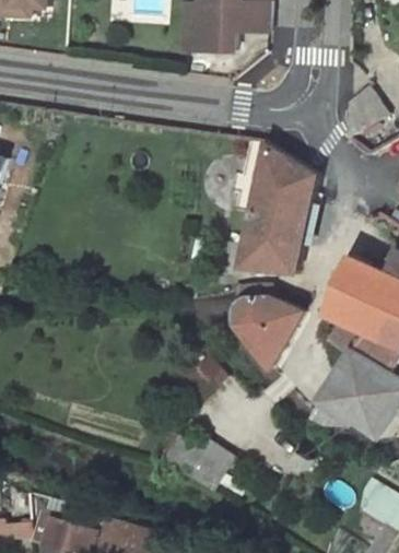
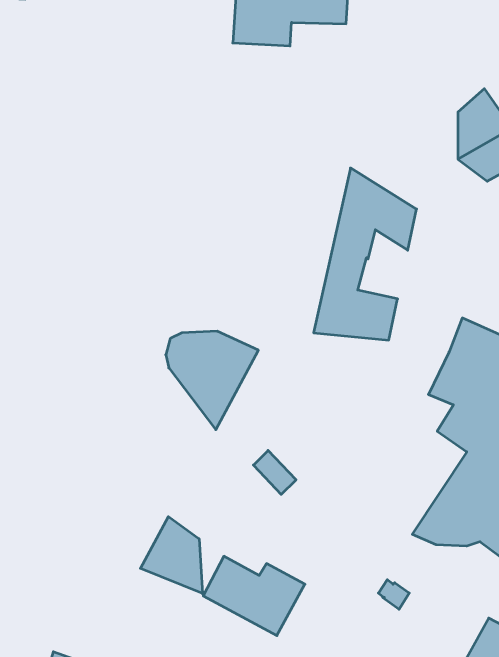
building: [270,190,307,242] -> none
building: [231,297,300,370] -> [166,331,258,430]
building: none -> [140,517,202,594]

